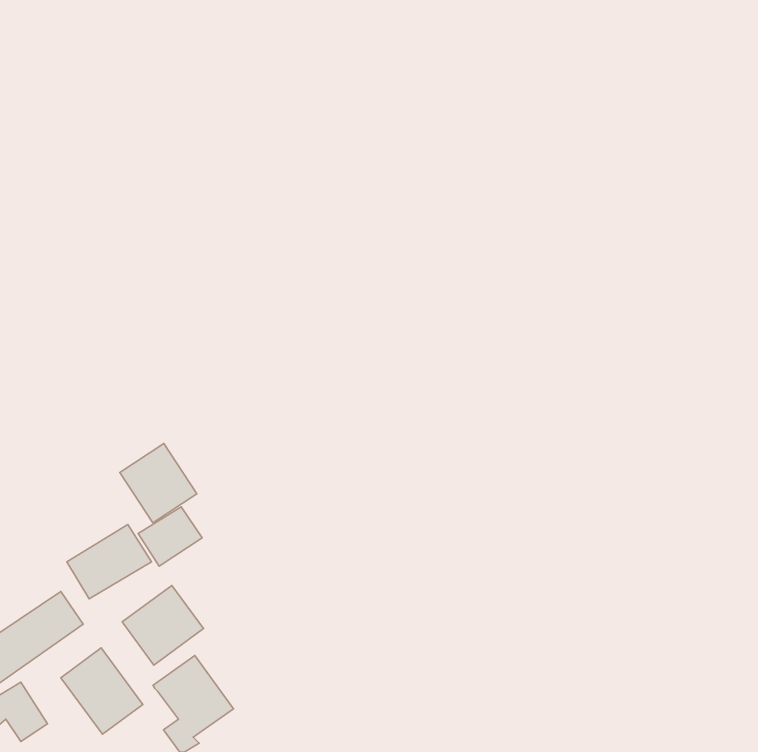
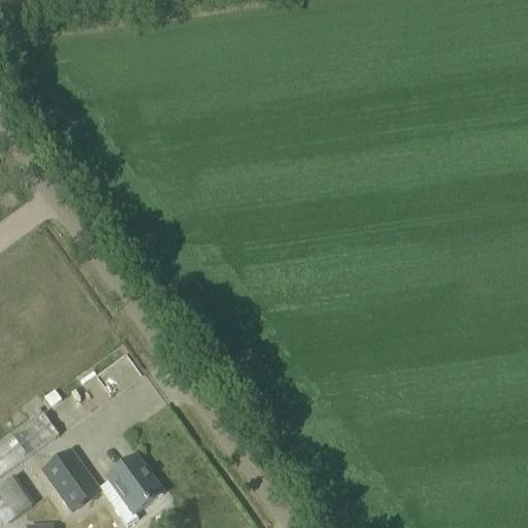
building: [120,443,197,523] -> none
building: [122,585,203,665] -> none

